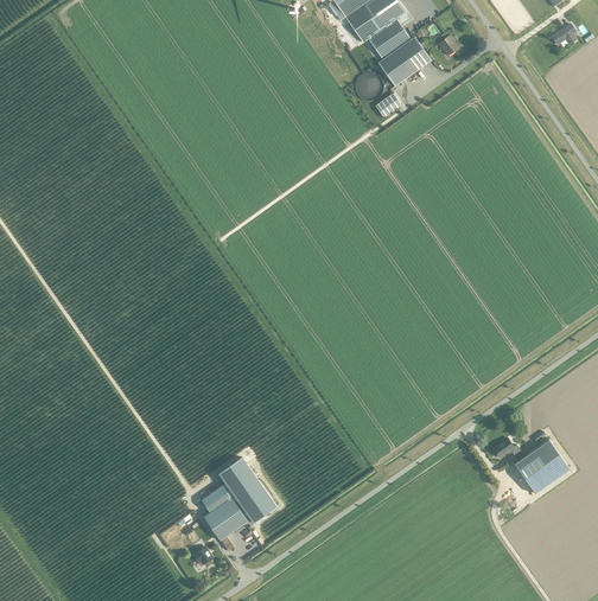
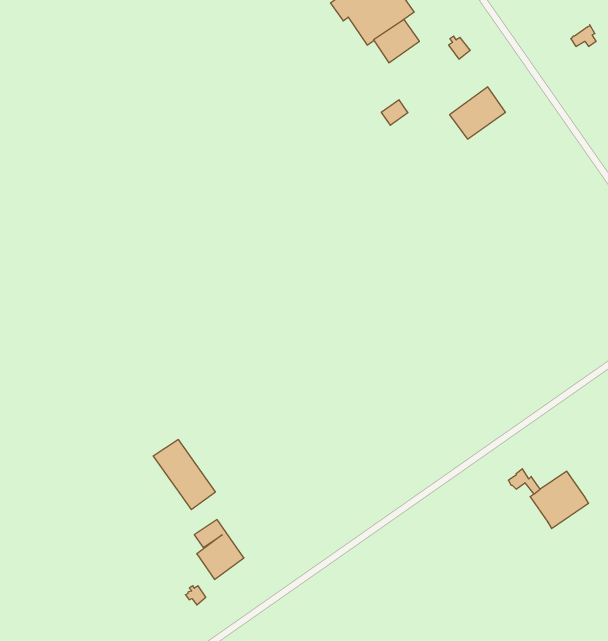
building: [377,37,430,85] -> [450,87,505,139]
building: [355,72,382,101] -> none
building: [217,458,275,523] -> [153,440,215,510]

